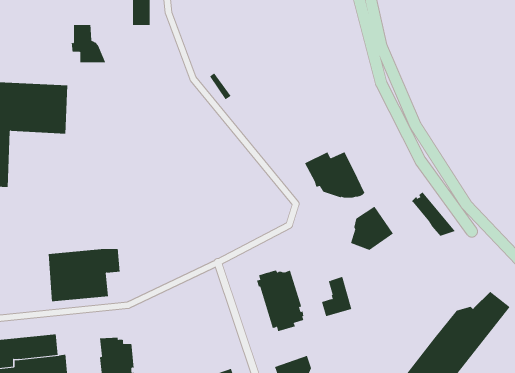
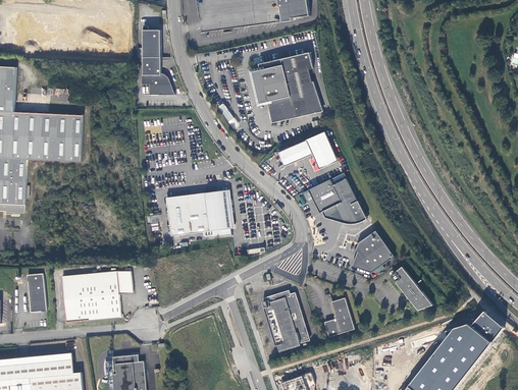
building: none -> [254,51,322,121]
building: [71,24,106,63] -> [141,57,174,94]
building: none -> [277,130,336,168]
building: none -> [165,188,230,237]
building: [411,192,456,236] -> [388,266,431,309]
building: none -> [25,273,45,312]

